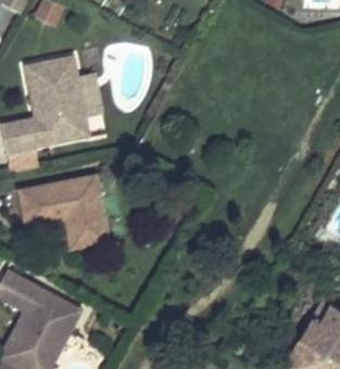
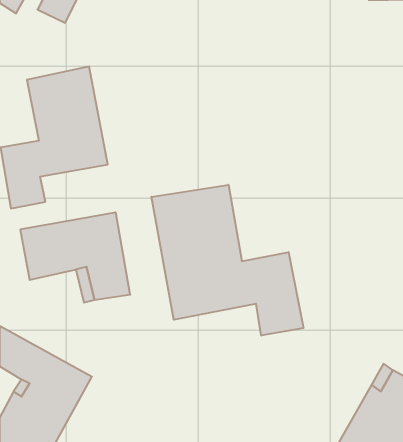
building: none -> [151,185,303,336]

